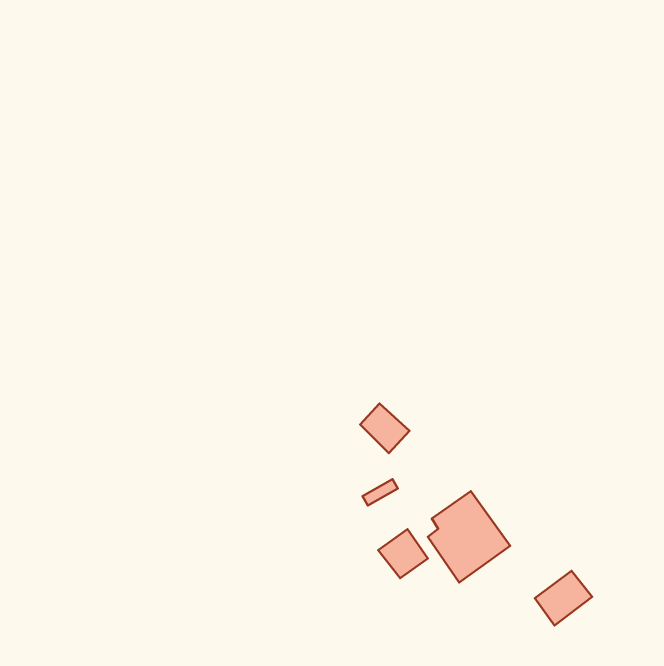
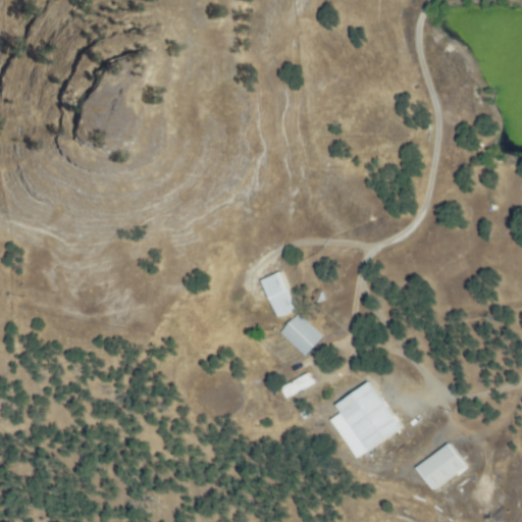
building: none -> [262,273,296,316]
building: [378,529,428,578] -> none

